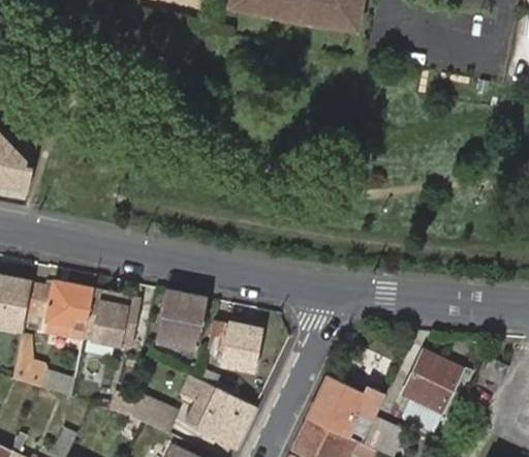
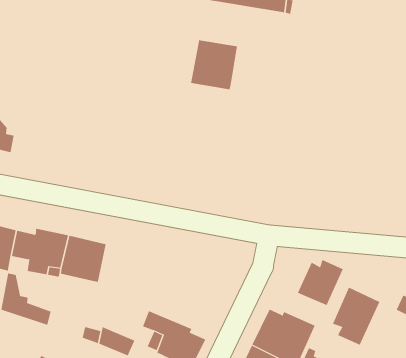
building: none -> [190,40,237,90]
building: [155,287,207,347] -> none
building: none -> [297,259,343,306]
building: [208,321,261,371] -> none

